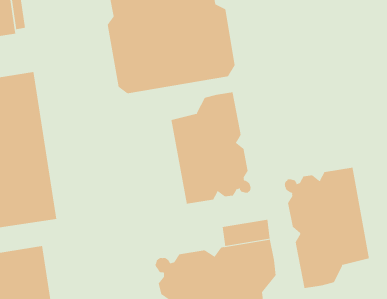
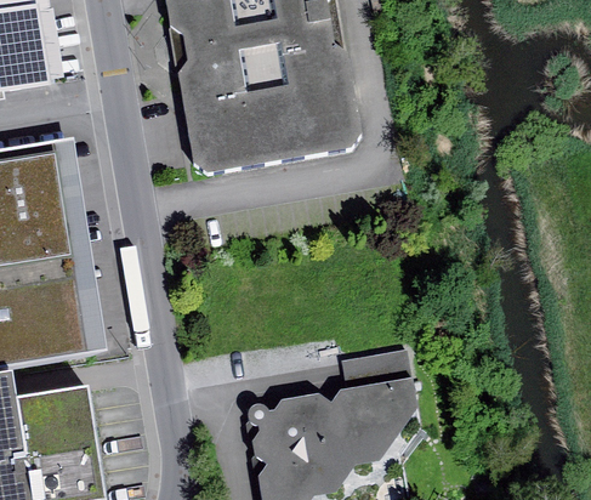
building: [171,91,251,205] -> none
building: [284,167,369,289] -> none

